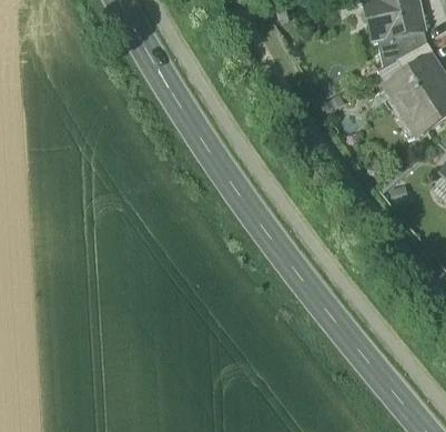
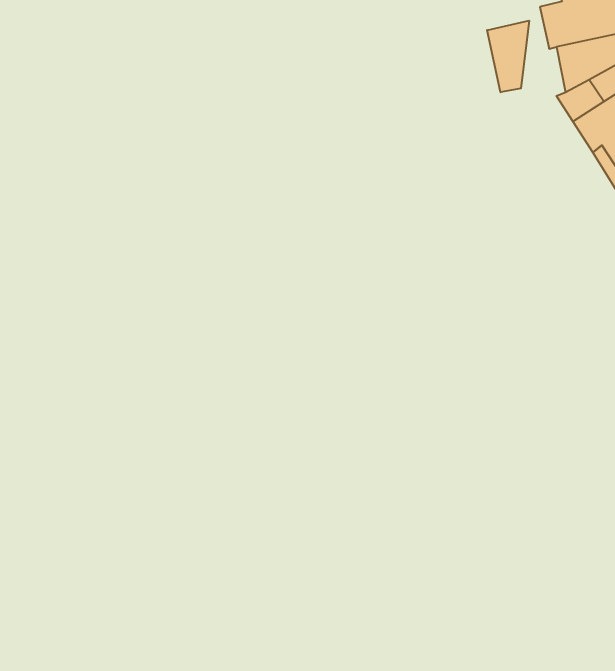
building: none -> [487,21,529,92]

